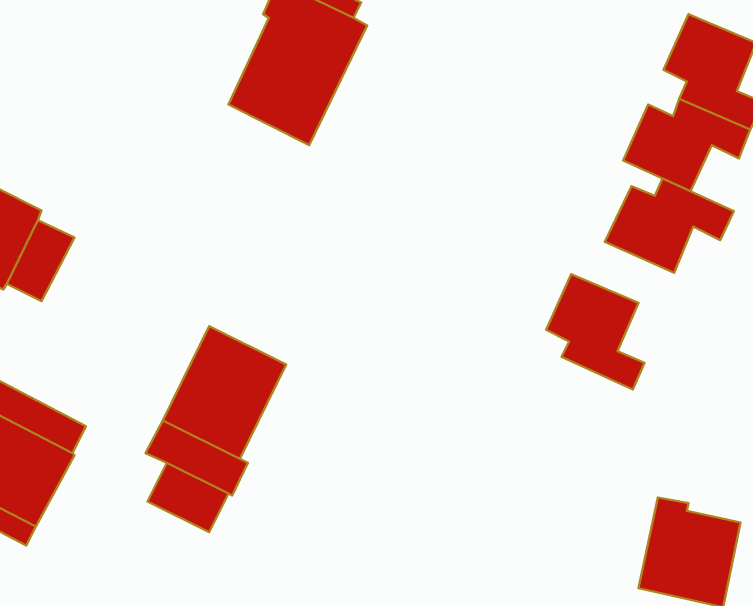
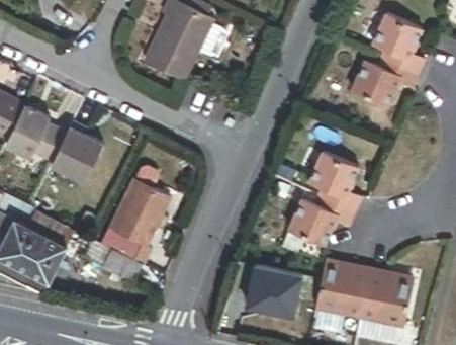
building: [605,178,734,273] -> [289,194,357,244]
building: none -> [45,120,100,184]
building: none -> [316,262,370,316]
building: none -> [246,263,307,321]

